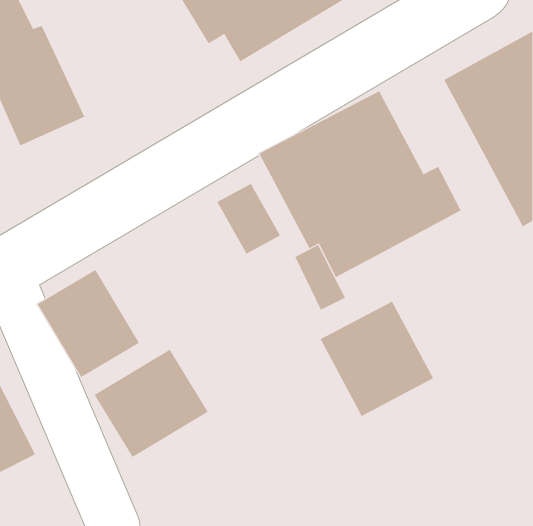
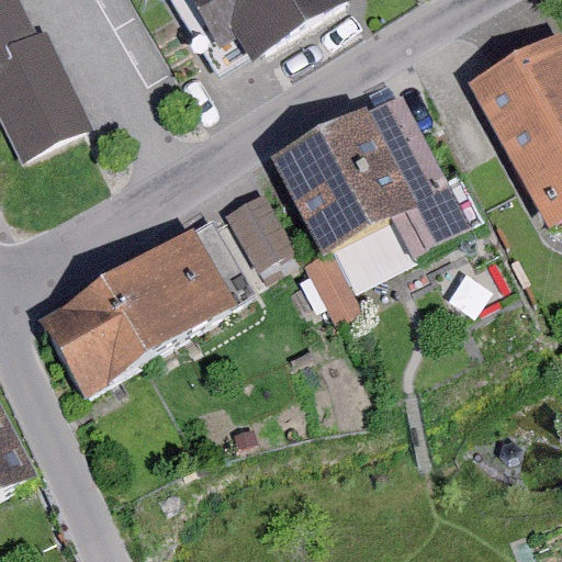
building: none -> [100,217,254,358]
building: [320,301,434,417] -> none
building: [94,349,208,458] -> none

